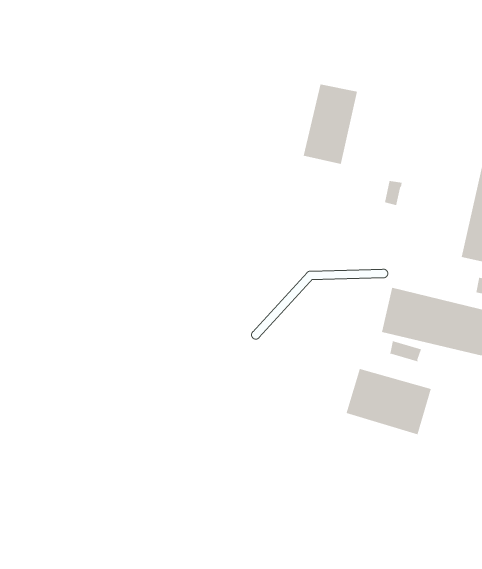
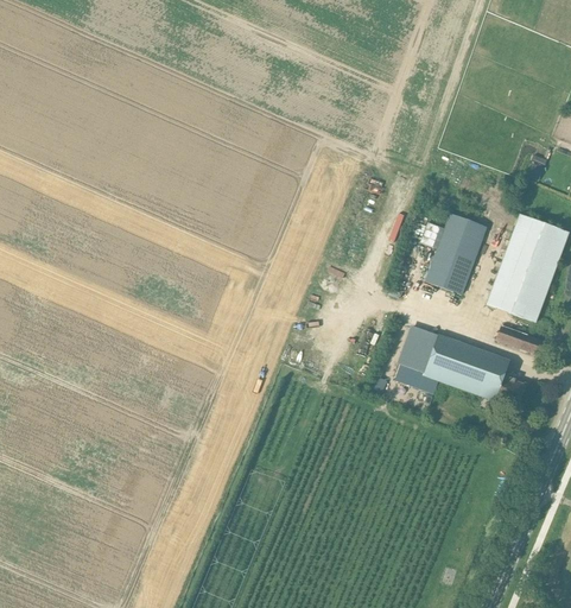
building: [303,84,358,164] -> [424,214,484,293]
building: [346,368,431,435] -> none

